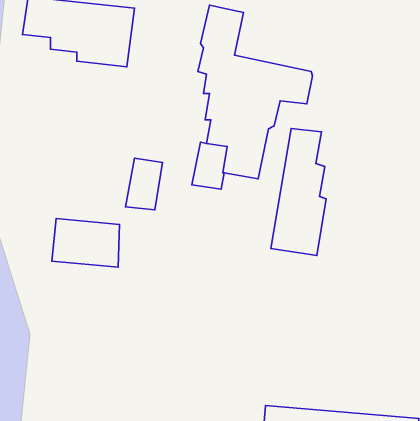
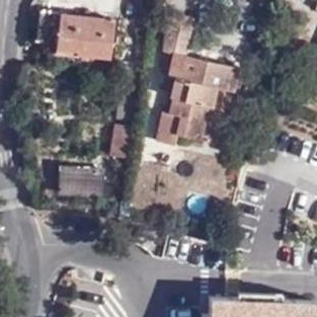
building: [271,128,326,256] -> none

